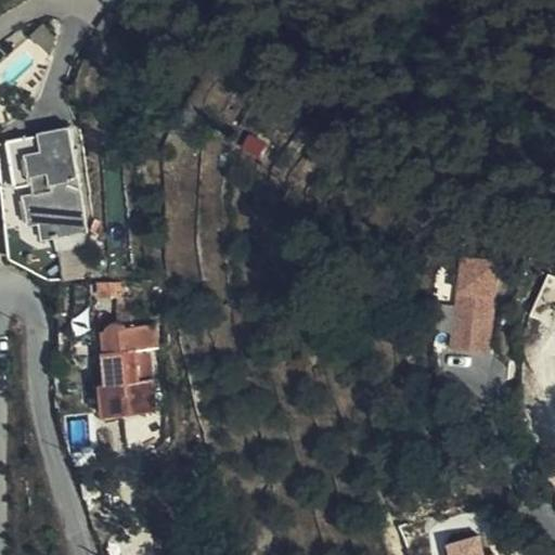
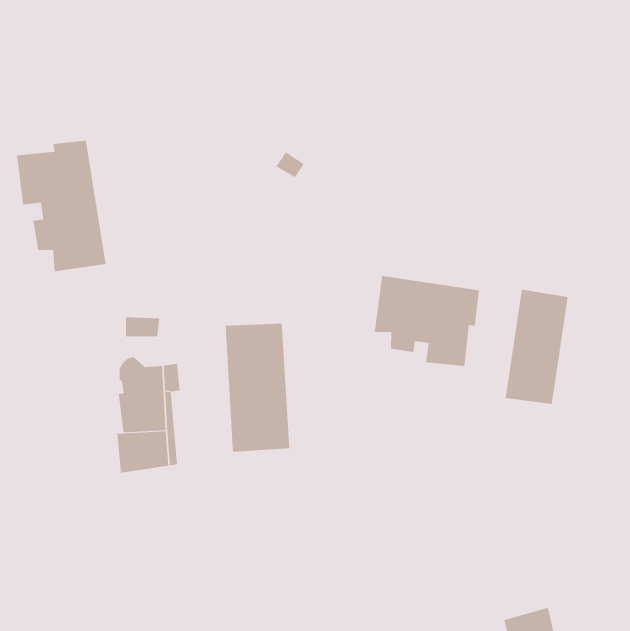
building: none -> [374,275,479,367]
building: none -> [225,323,290,453]

